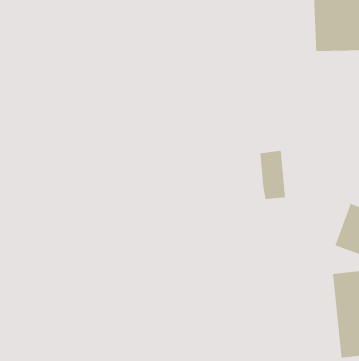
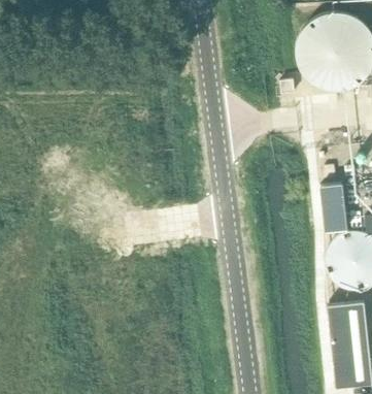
building: [259,150,286,200] -> [319,183,345,231]

